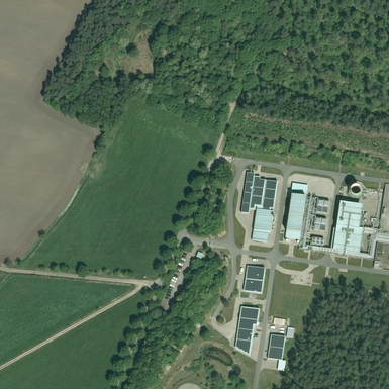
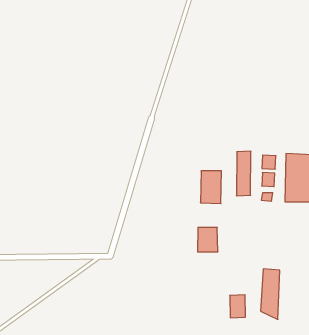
building: [240,172,274,213] -> none
building: [234,306,258,358] -> [261,269,280,319]

